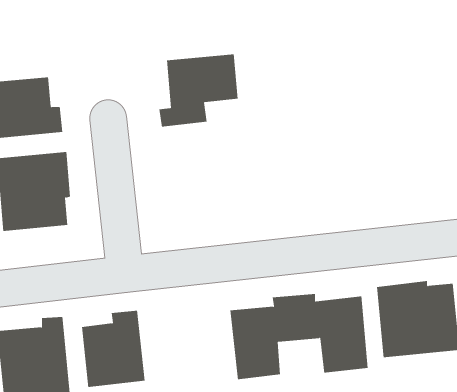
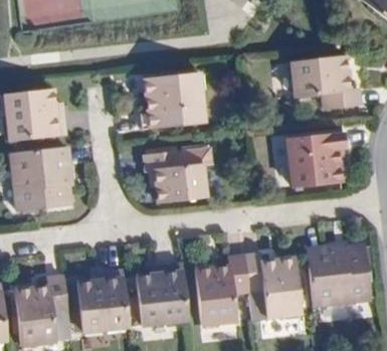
building: none -> [293,55,359,108]
building: none -> [288,133,343,184]
building: none -> [144,150,204,199]
building: none -> [138,265,187,326]

